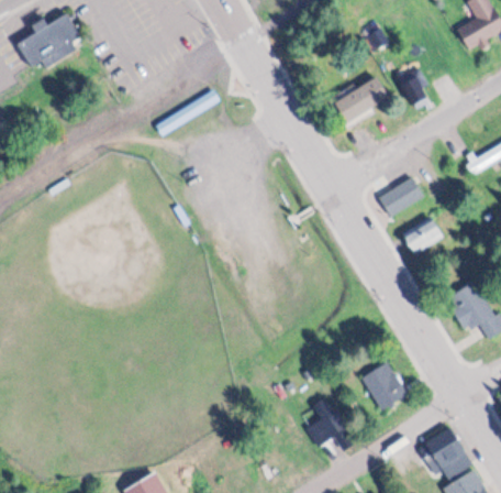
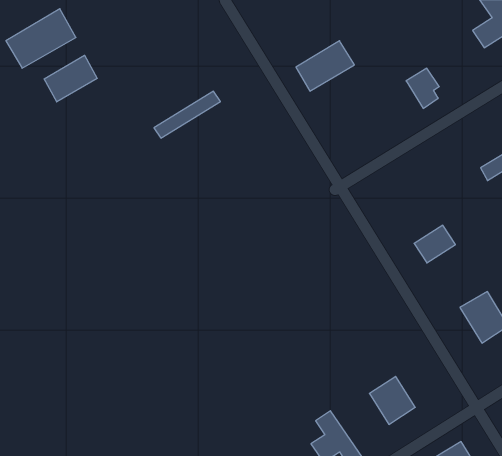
building: none -> [44,55,97,102]
building: [333,77,389,125] -> [296,41,354,91]
building: [381,177,425,217] -> none

